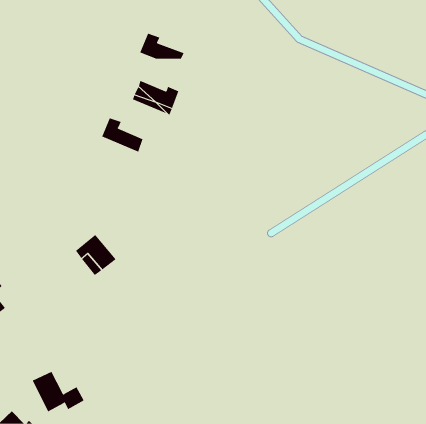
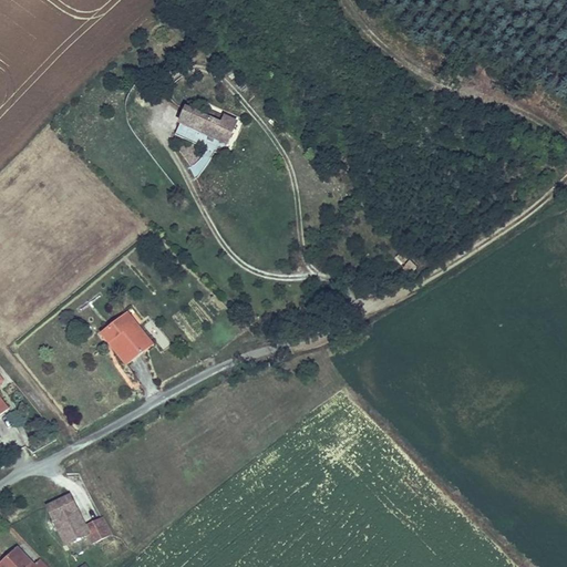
building: [140,33,184,60] -> none
building: [101,117,143,152] -> none

